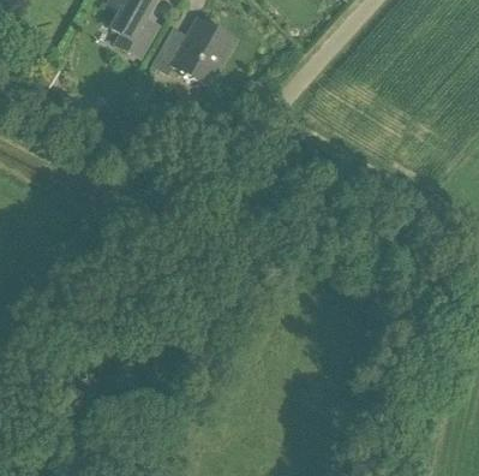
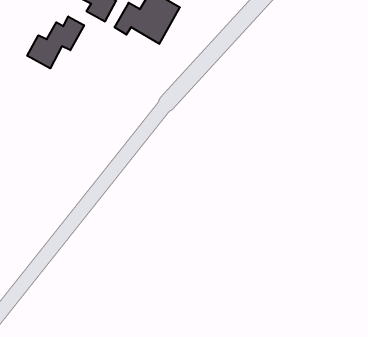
building: none -> [27,16,84,68]

